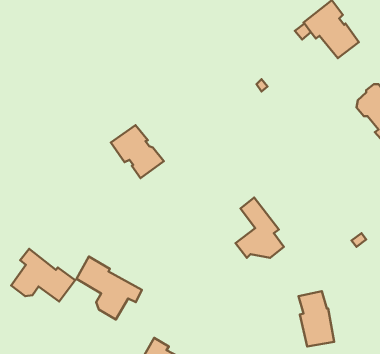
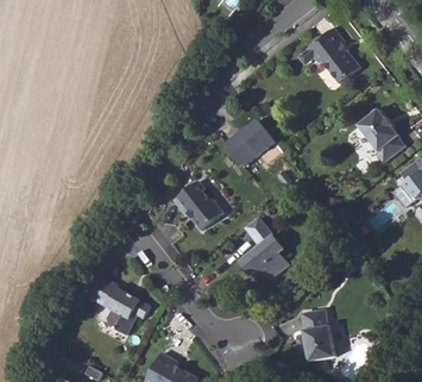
building: none -> [220,117,275,169]
building: [111,125,164,178] -> [172,180,223,231]
building: [11,249,75,302] -> none

